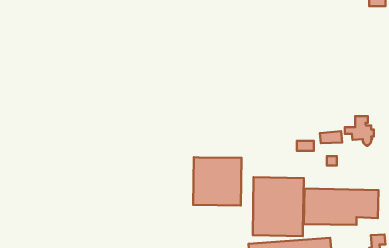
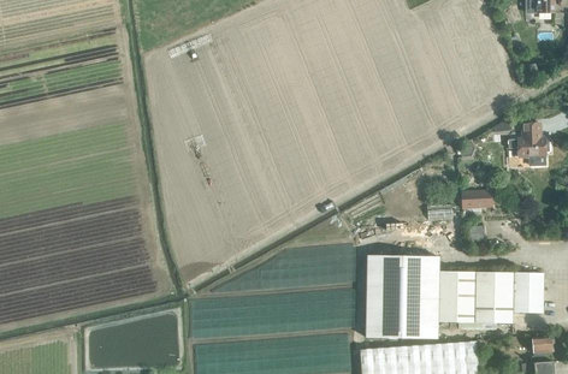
building: [345,116,374,146] -> [508,123,549,165]
building: [193,157,241,205] -> none

